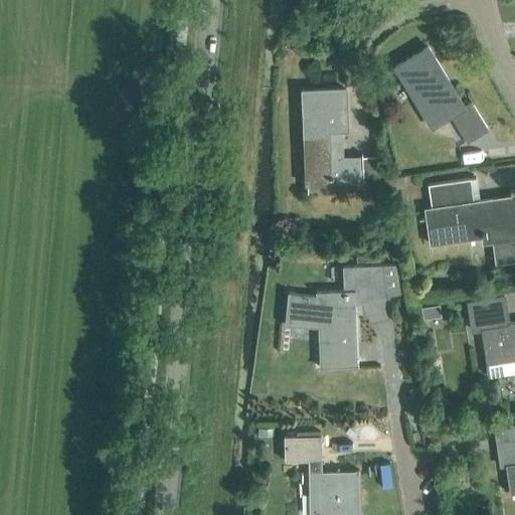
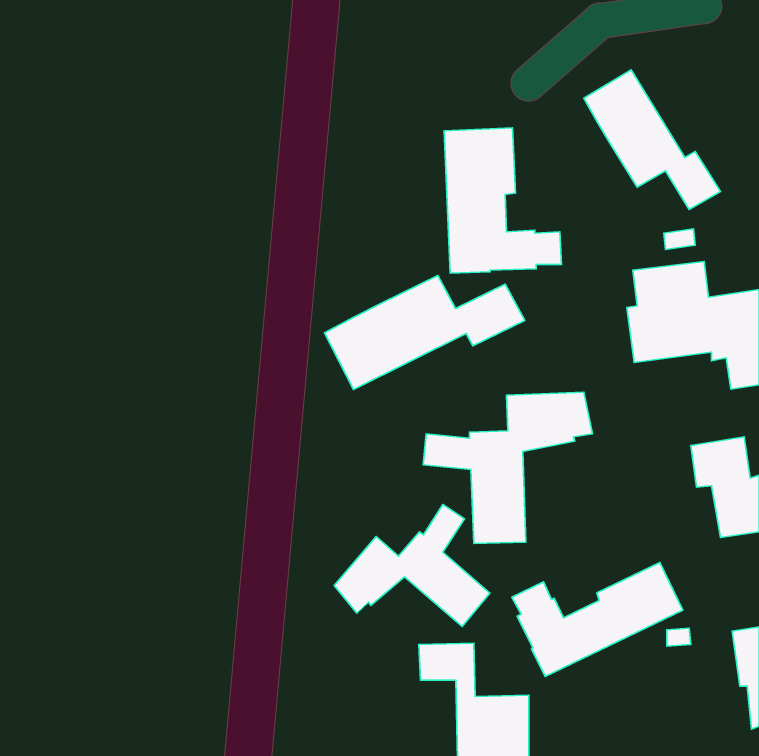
building: none -> [324,275,525,390]
building: none -> [334,504,490,626]
building: none -> [512,563,683,676]

